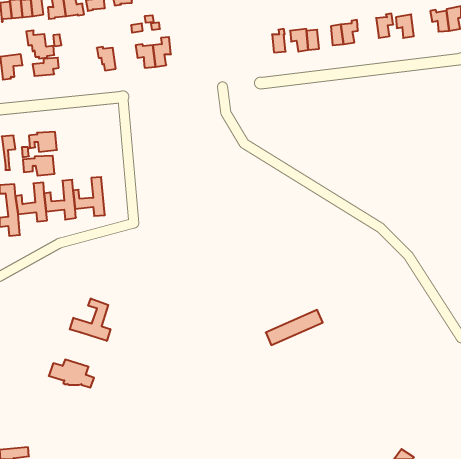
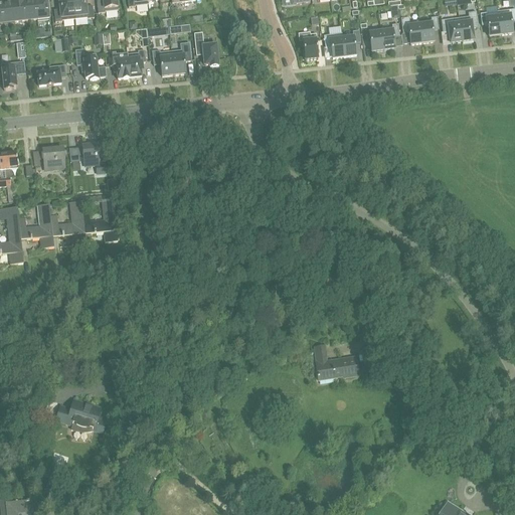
building: none -> [458,10,477,40]
building: none -> [400,16,421,43]
building: none -> [193,31,218,65]
building: [26,31,54,59] -> [74,48,106,79]
building: none -> [126,49,145,76]
building: [23,156,55,176] -> [68,143,104,165]
building: [70,298,110,341] -> none

